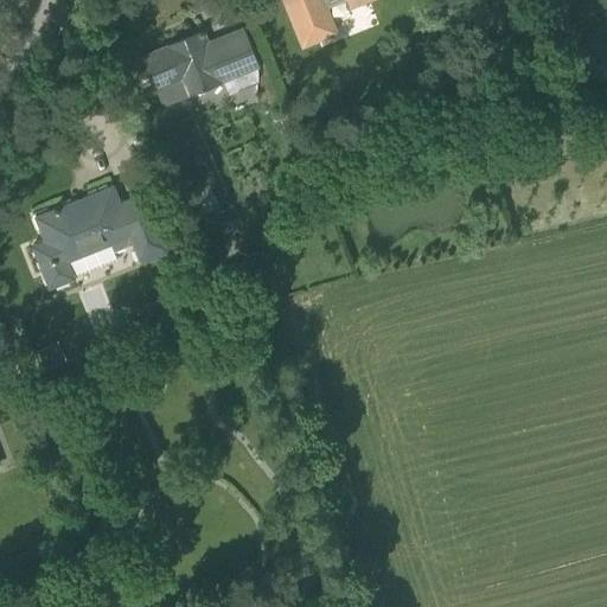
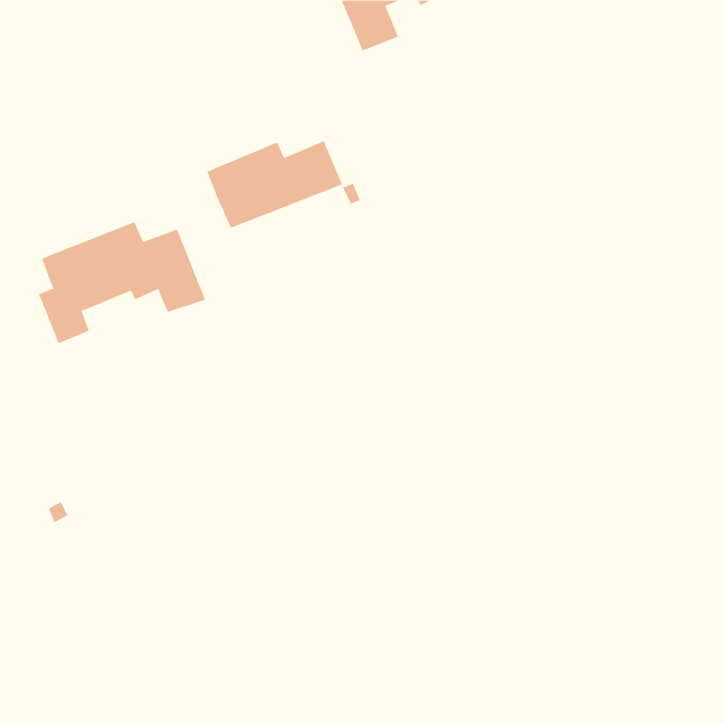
building: [145,32,258,106] -> [206,140,343,228]

